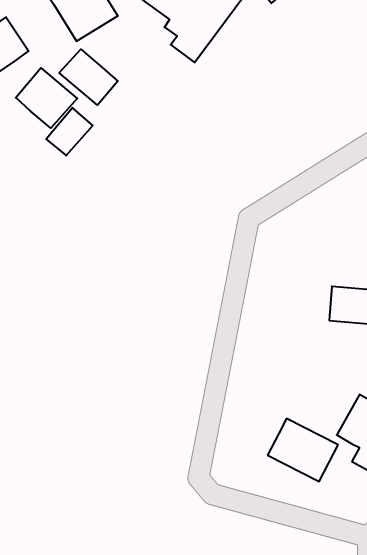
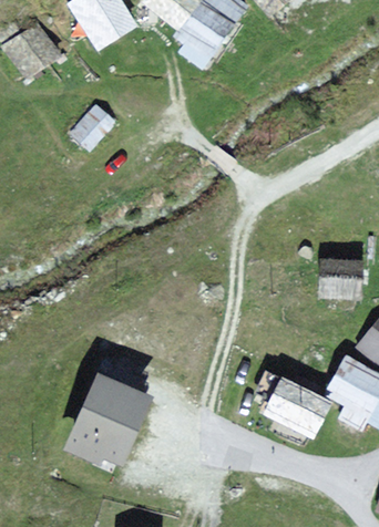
building: [59,49,118,105] -> none
building: [16,68,77,128] -> none
building: none -> [68,378,146,462]

